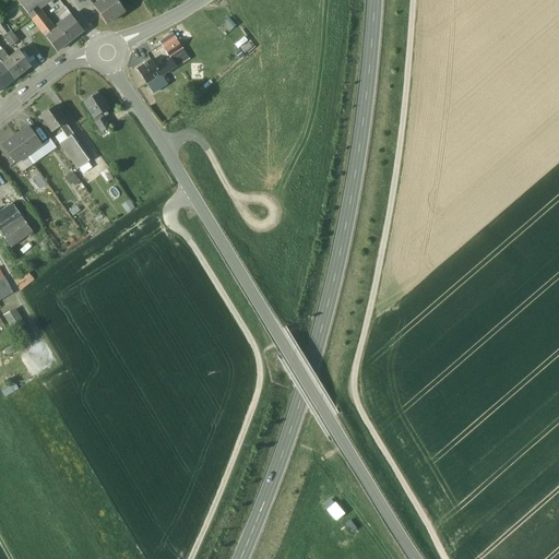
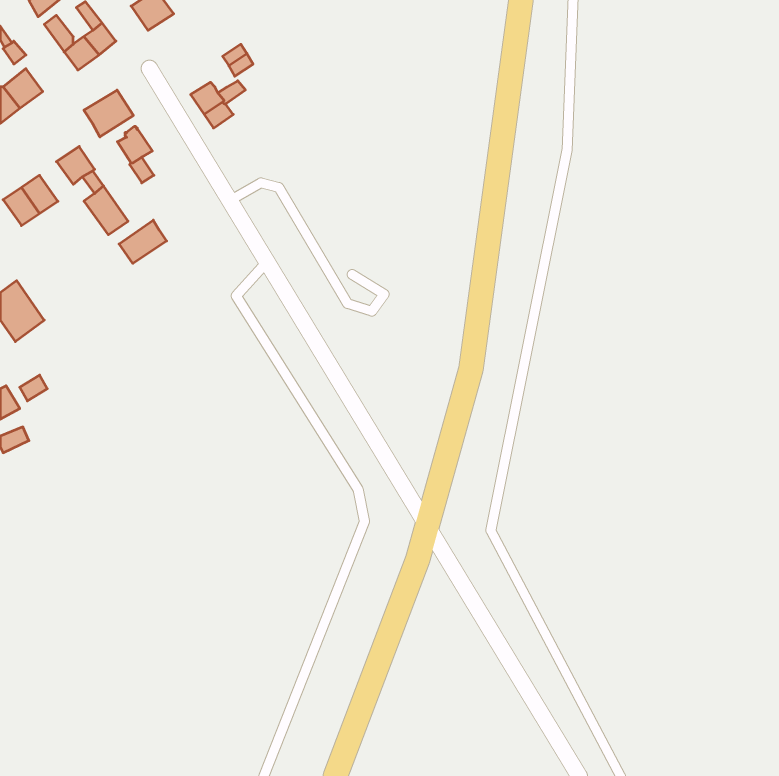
building: none -> [84,90,133,137]
building: none -> [119,220,167,263]

